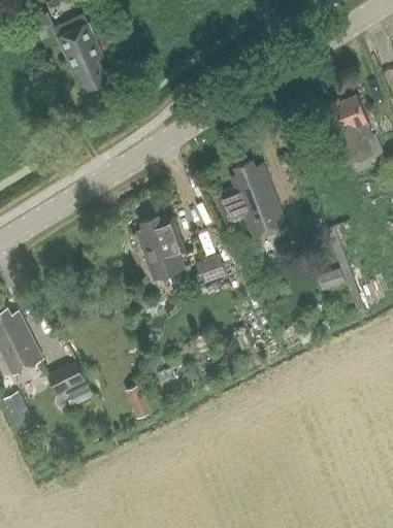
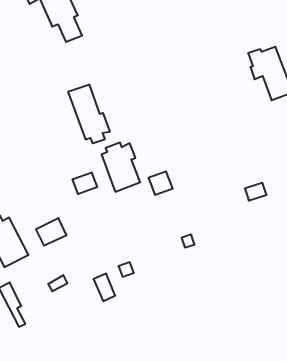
building: none -> [68,84,110,143]
building: [216,162,287,240] -> none
building: none -> [73,172,97,194]
building: [47,361,87,396] -> [36,218,67,246]

